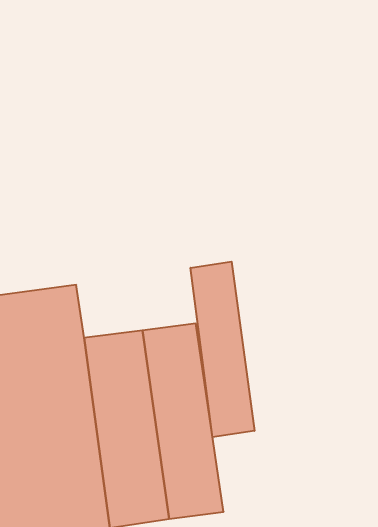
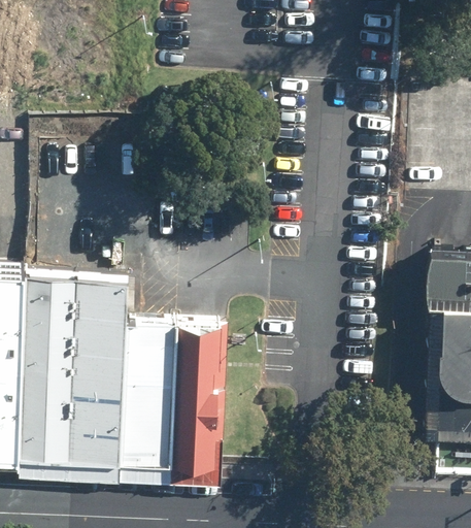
building: [191,262,254,437] -> none

